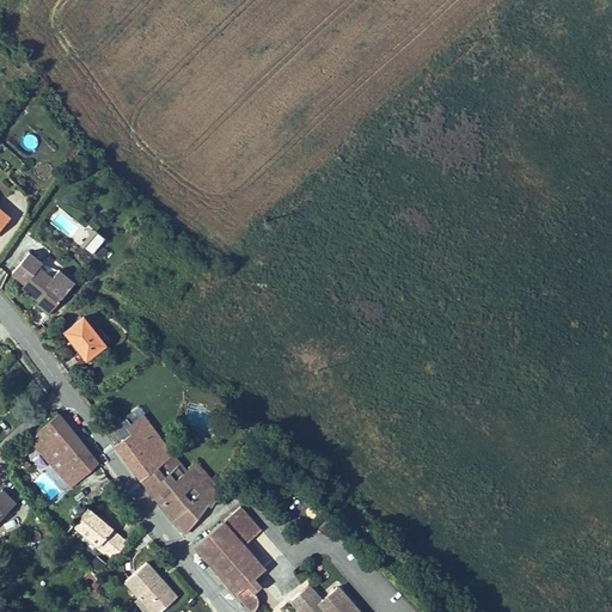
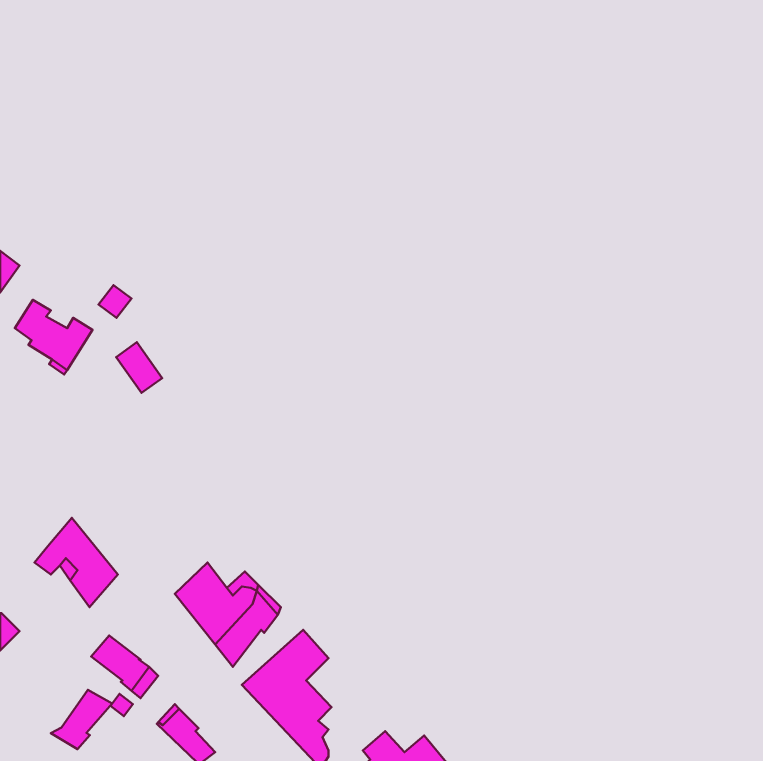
building: [66,319,103,360] -> [116,342,162,393]
building: [109,408,166,477] -> none
building: none -> [51,690,112,749]

